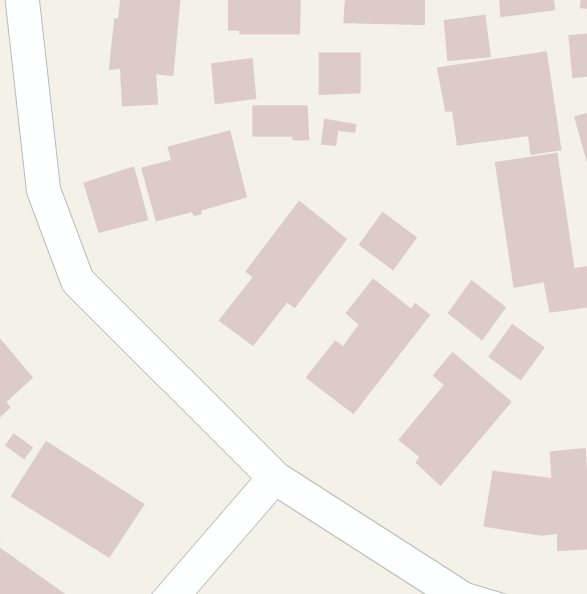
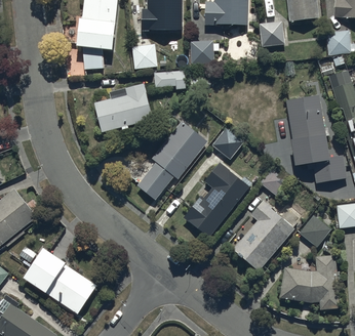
building: [436,50,562,156] -> none
building: [83,165,149,234] -> none
building: [487,323,546,382] -> [299,214,330,246]

